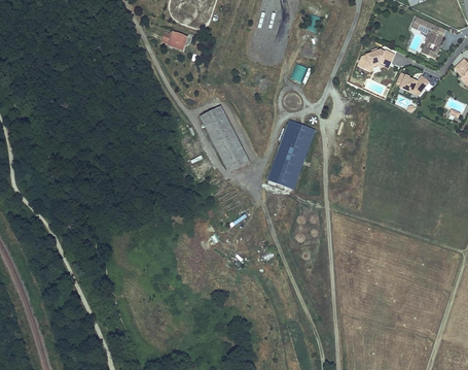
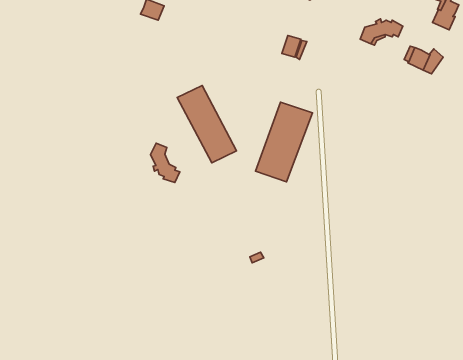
building: none -> [150,143,180,182]

